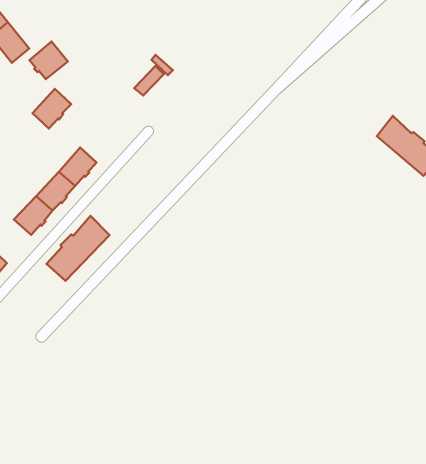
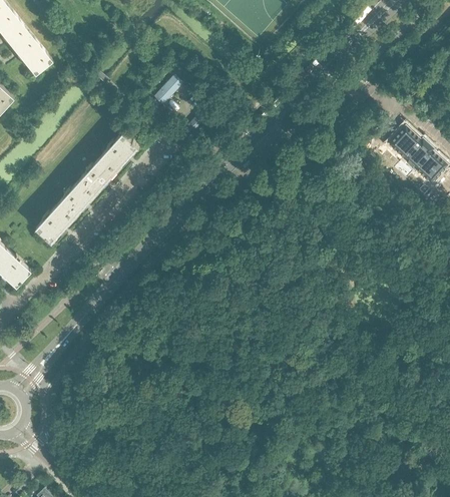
building: [29,41,68,79] -> none
building: [33,89,71,129] -> [100,133,138,172]
building: [47,216,110,281] -> none

